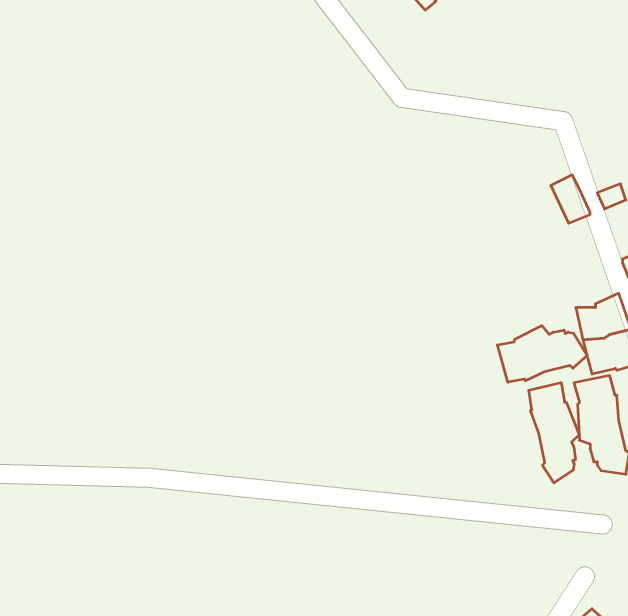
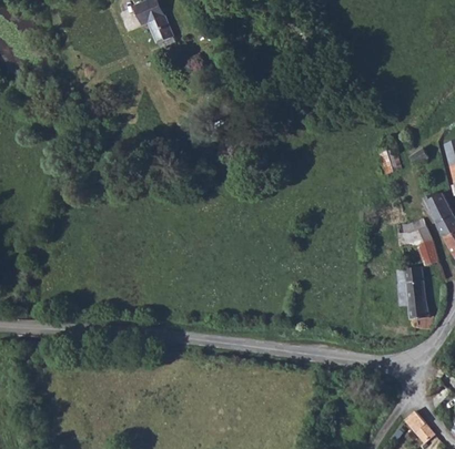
building: [497,326,587,382] -> none
building: [529,383,579,483] -> none

